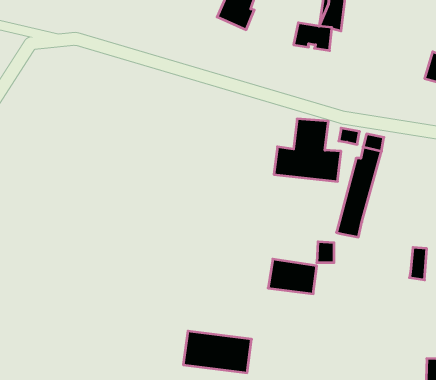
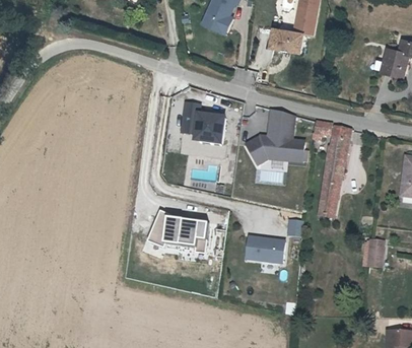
building: none -> [182,103,228,149]
building: [183,331,252,373] -> [153,215,213,252]

